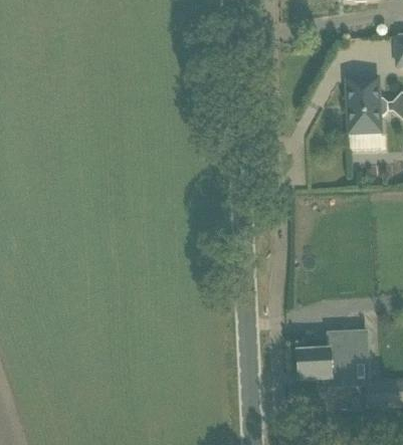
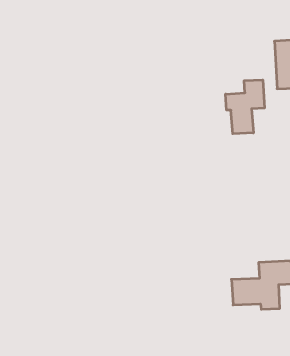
building: none -> [226,80,264,134]

